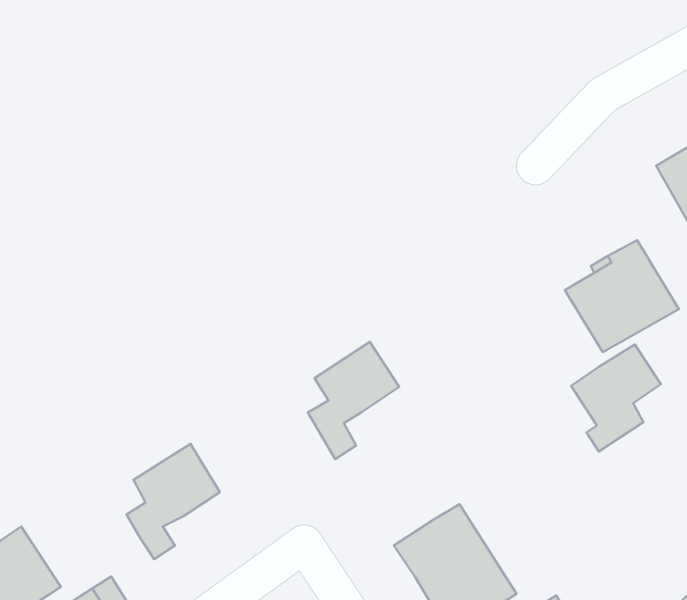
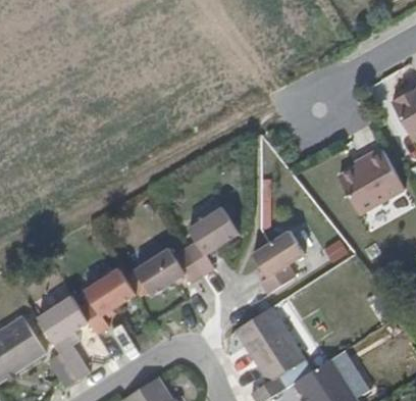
building: [571,344,661,451] -> [253,230,306,293]
building: none -> [135,250,202,298]
building: none -> [36,298,87,346]

